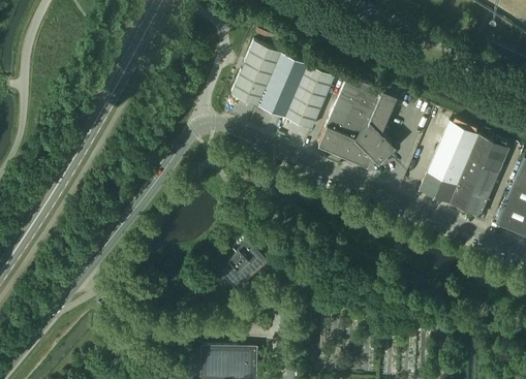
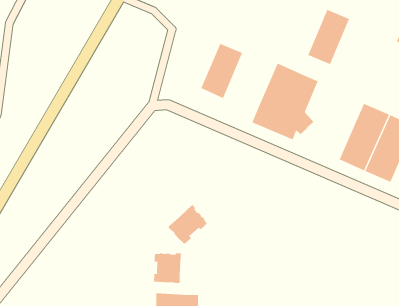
building: [230,41,280,106] -> none
building: [284,65,334,130] -> [307,9,350,65]
building: none -> [154,251,182,285]

